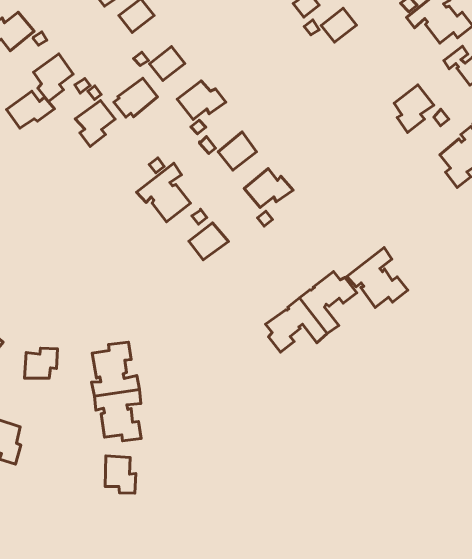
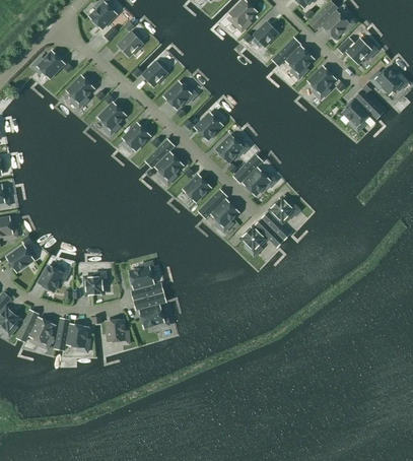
building: none -> [272,38,313,79]
building: [114,78,157,117] -> [121,124,149,151]
building: [6,91,55,128] -> none
building: [347,248,408,308] -> [233,154,275,195]
building: none -> [199,190,238,233]
building: [105,456,136,493] -> [107,320,129,344]

